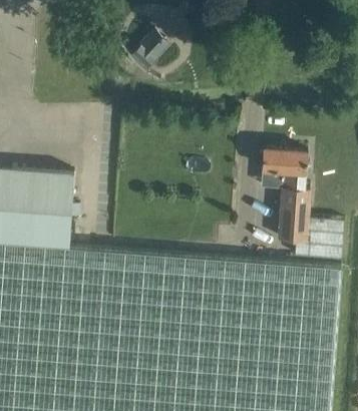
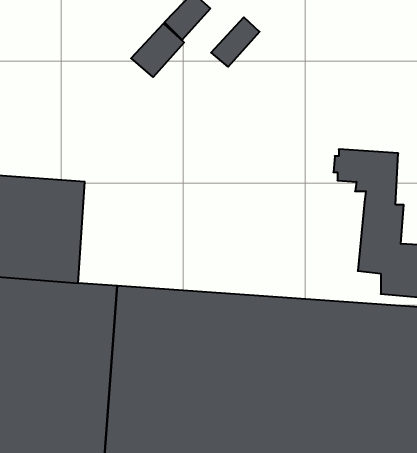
building: none -> [211,17,260,67]
building: none -> [131,23,184,77]

